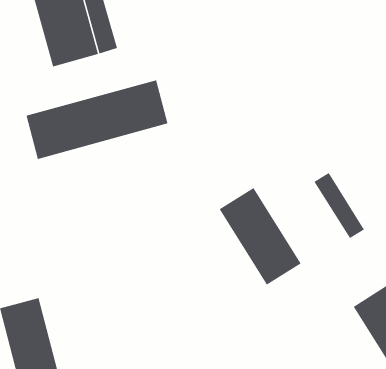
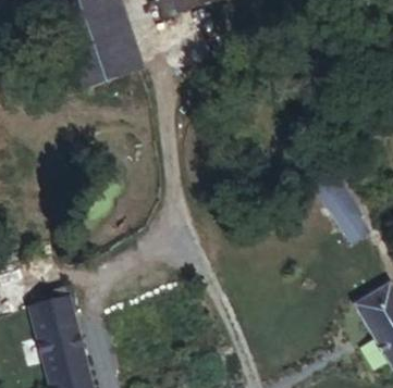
building: [26,79,168,160] -> none
building: [219,187,301,285] -> none

